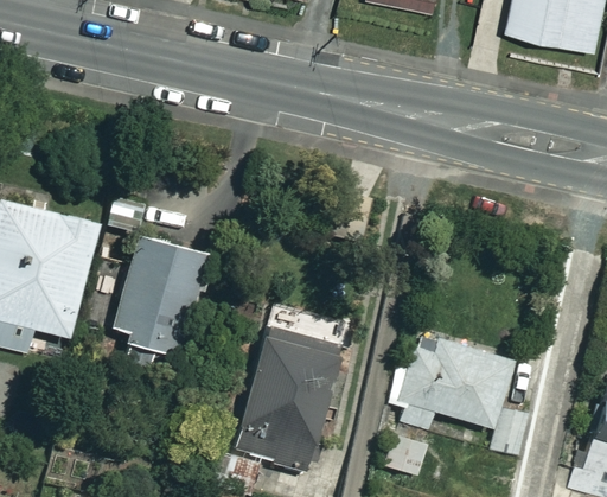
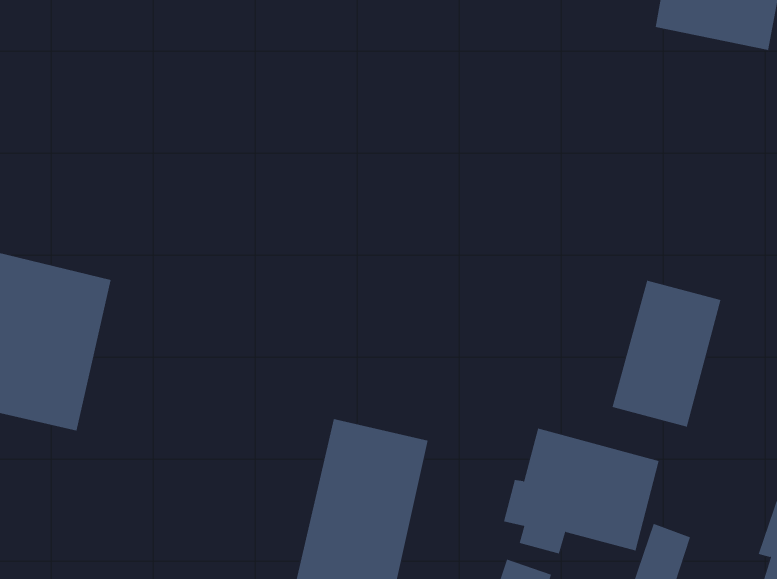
building: none -> [612,280,721,428]
building: [113,236,210,371] -> none

